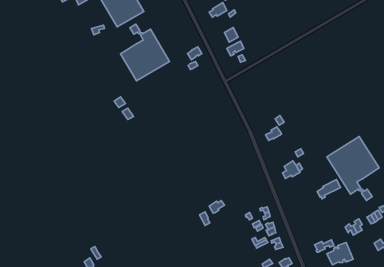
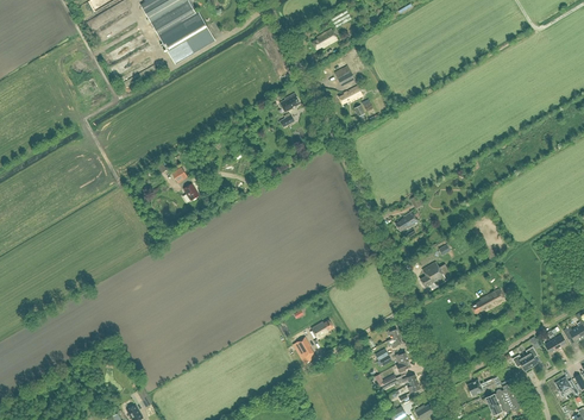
building: [120,24,170,81] -> none
building: [327,136,379,200] -> none

